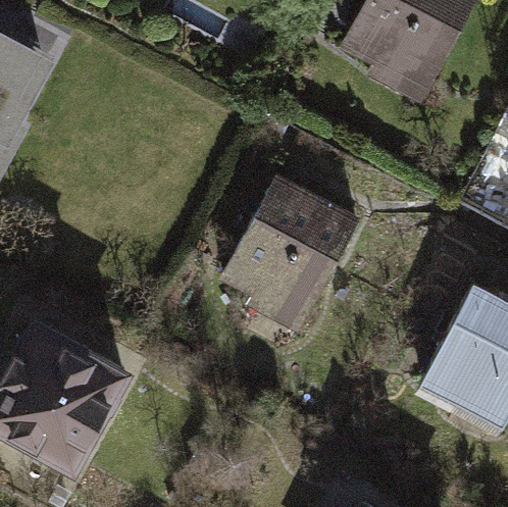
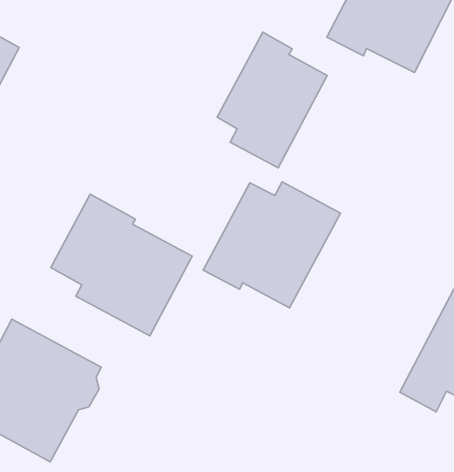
building: none -> [217,32,327,168]
building: none -> [51,194,192,336]

